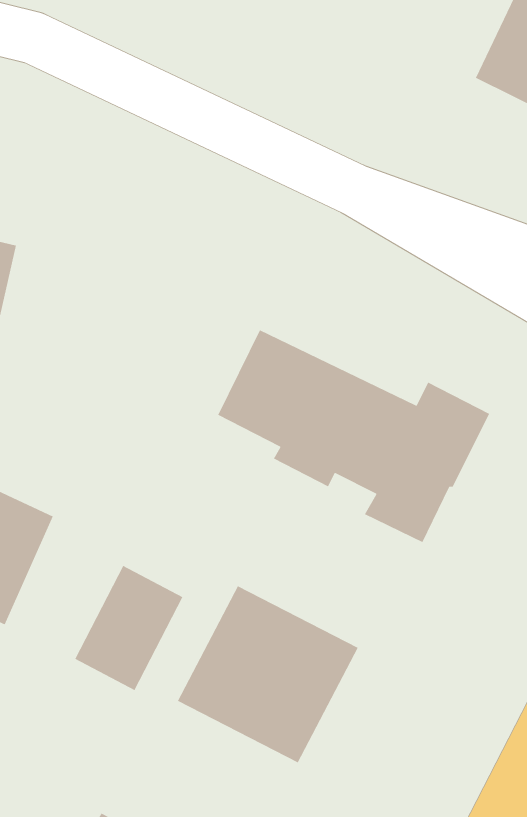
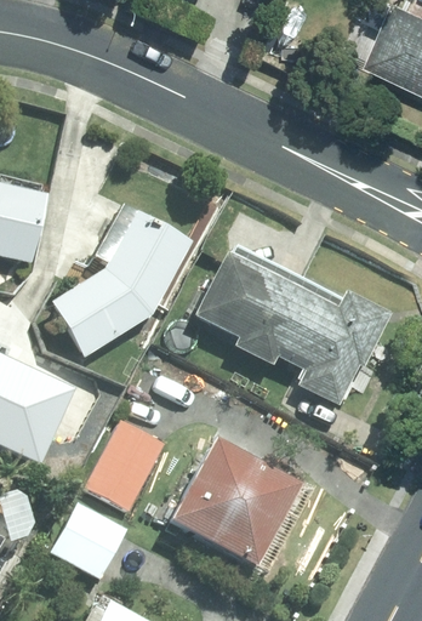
building: none -> [47,207,188,355]
building: none -> [51,503,127,579]

